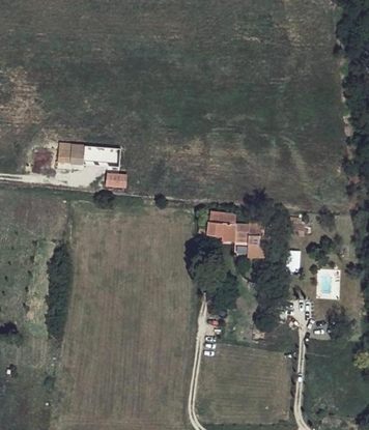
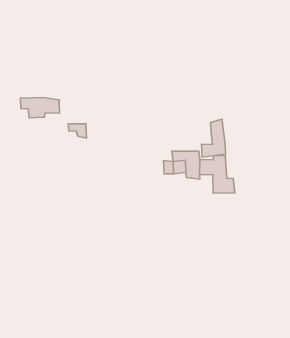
building: none -> [202,119,225,157]

